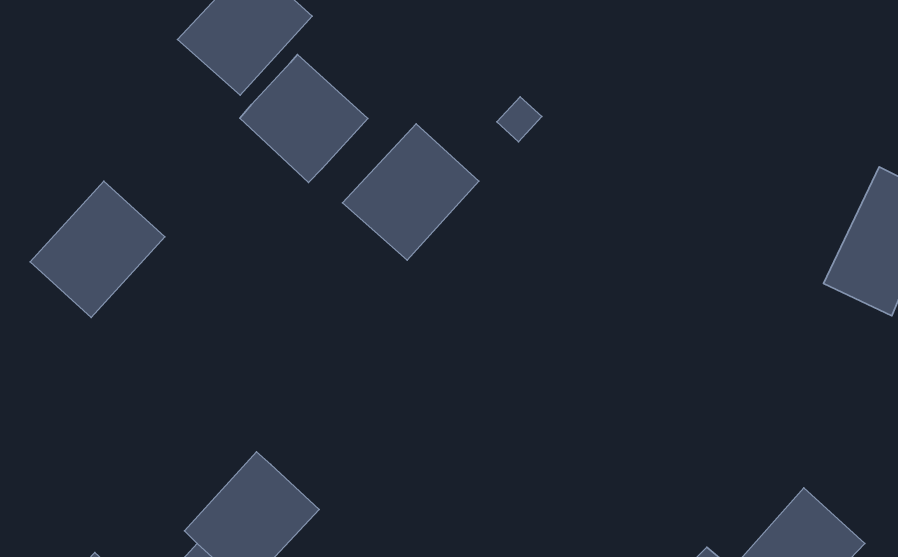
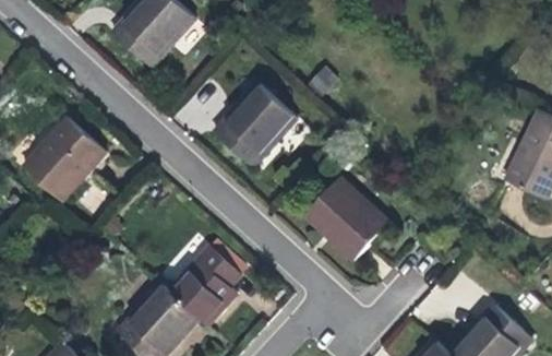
building: [240,54,368,182] -> none
building: none -> [305,177,389,260]
building: none -> [170,246,241,324]

